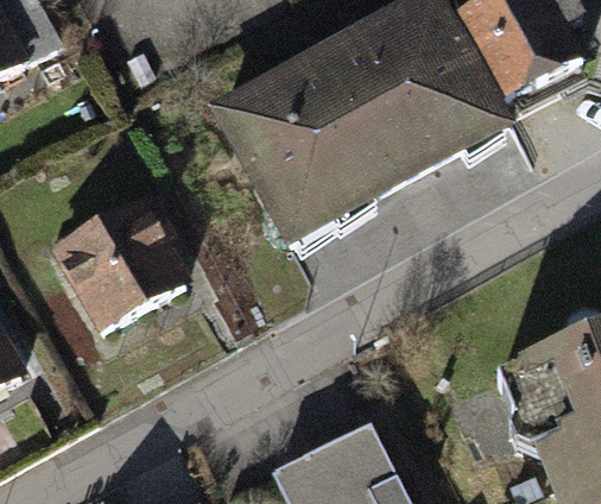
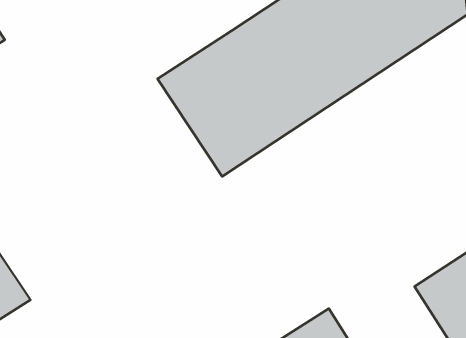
building: [55,199,203,338] -> none

